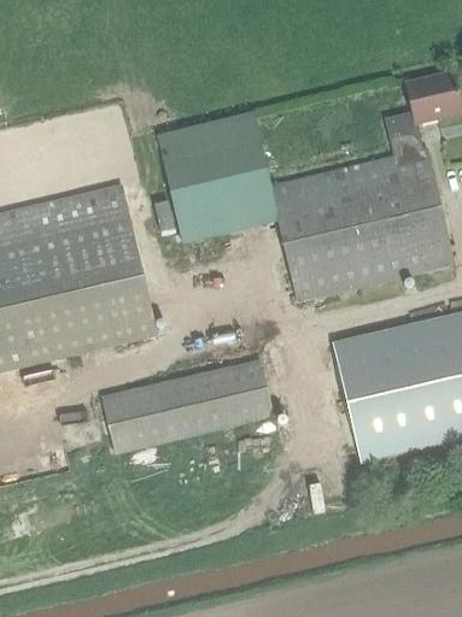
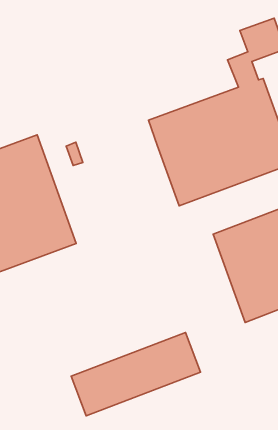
building: [160,111,277,239] -> none
building: [101,359,271,452] -> [71,333,201,416]

